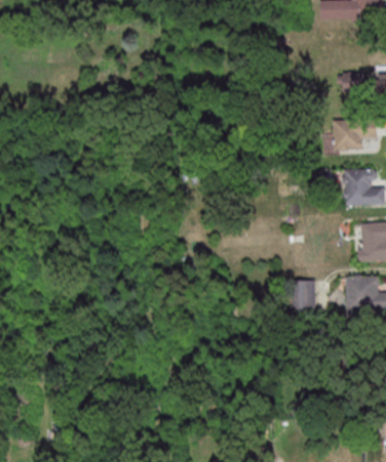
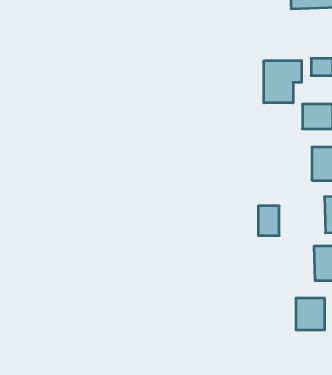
building: none -> [264,61,302,103]
building: [292,280,314,311] -> [258,206,279,236]
building: none -> [296,298,324,330]

